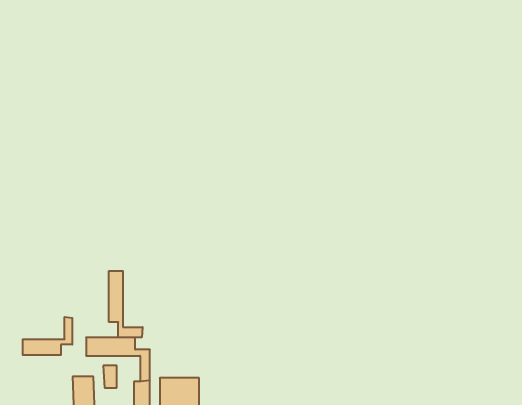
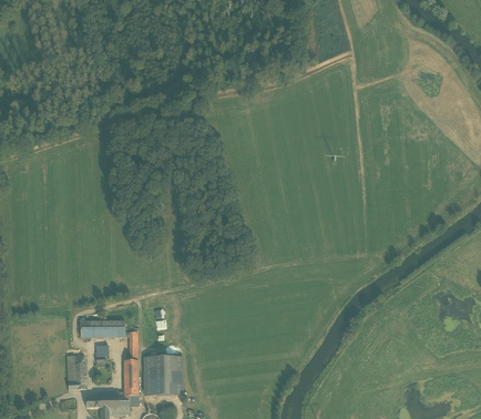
building: [109,271,143,337] -> none
building: [23,317,72,355] -> none

